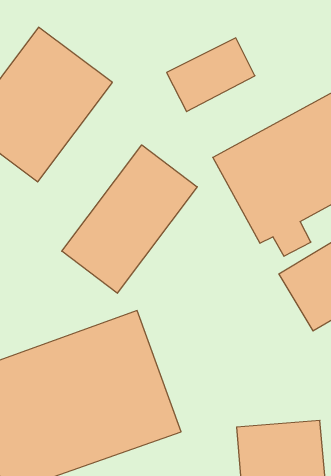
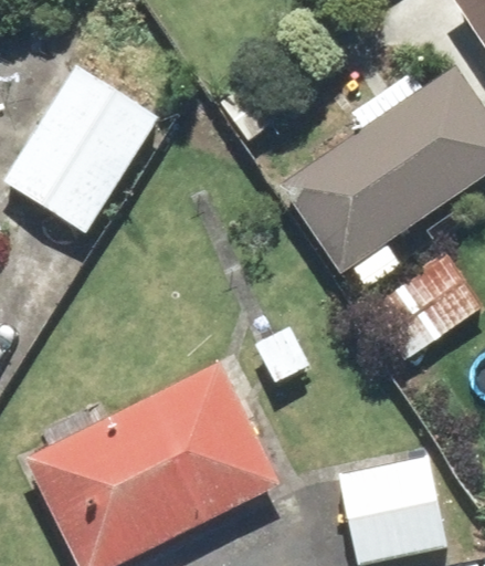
building: [62,145,197,293] -> none

